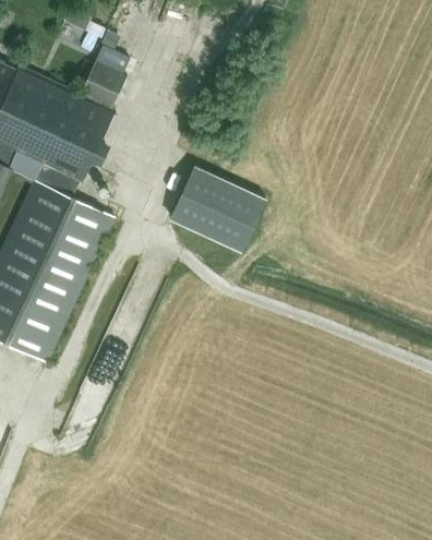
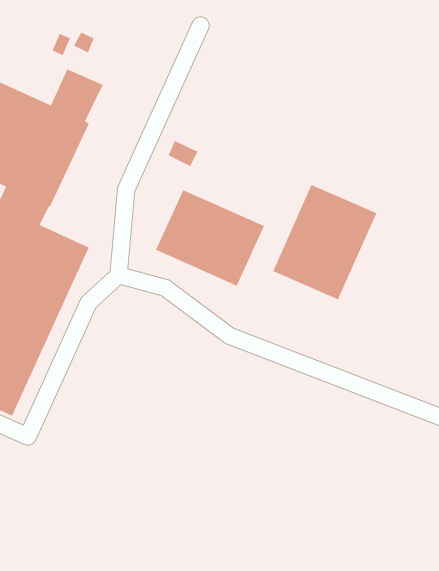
building: none -> [272,184,377,300]

